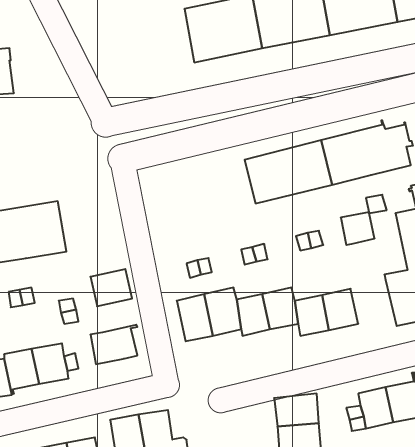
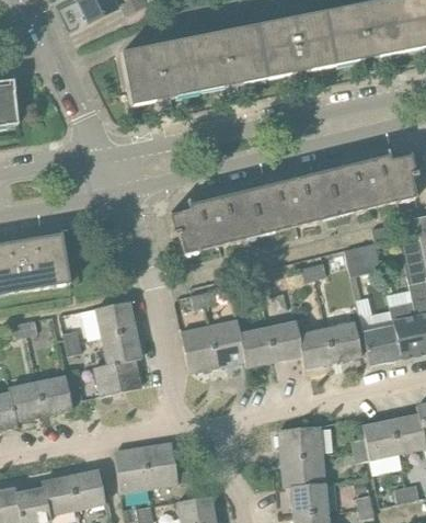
building: none -> [120,38,198,105]
building: none -> [166,190,260,252]
building: none -> [356,296,401,363]
building: none -> [101,329,140,363]

